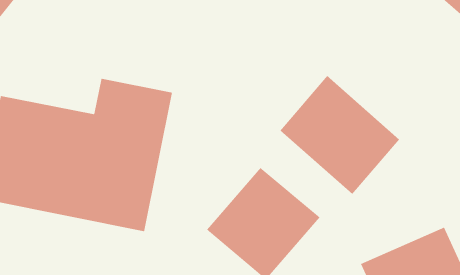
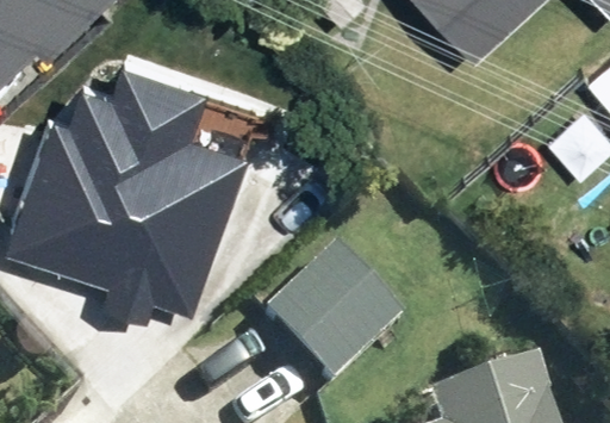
building: [279,75,400,195] -> none

